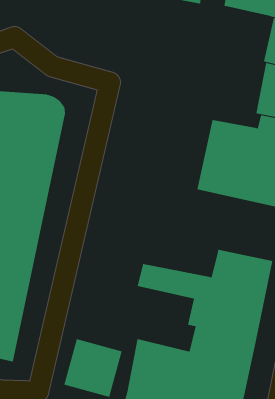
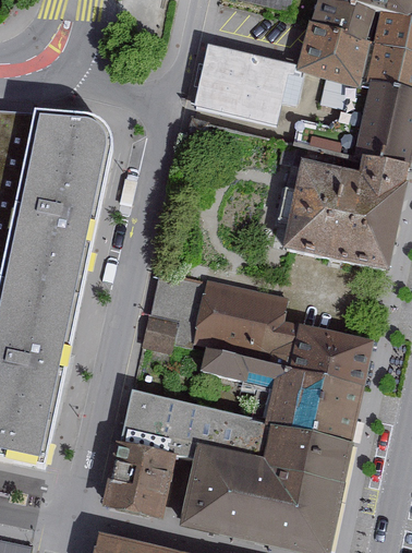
building: none -> [296,9,371,80]
building: none -> [193,40,290,117]
building: none -> [142,273,304,360]
building: none -> [125,392,276,456]

